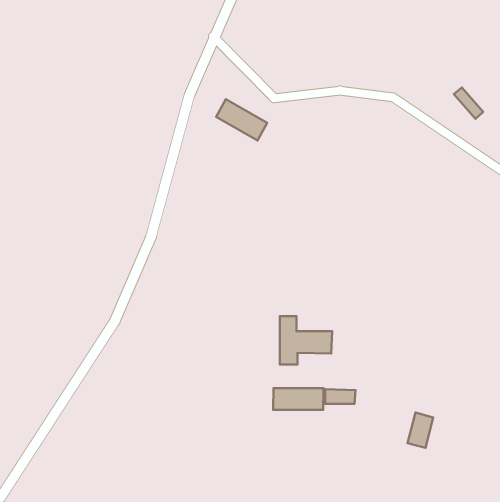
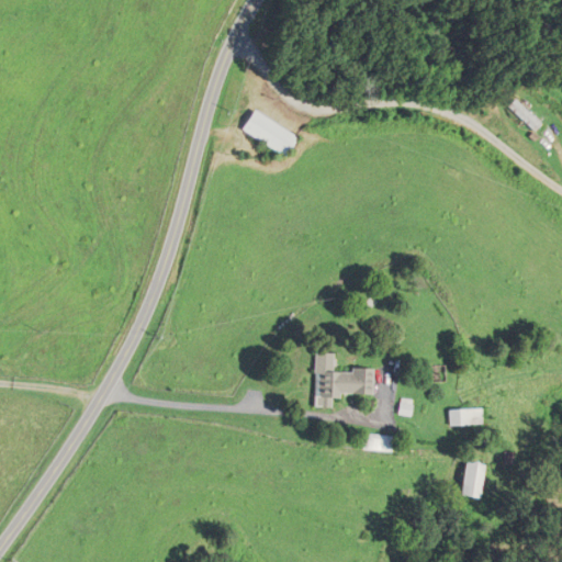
building: none -> [450,409,484,425]
building: [273,388,324,410] -> none

